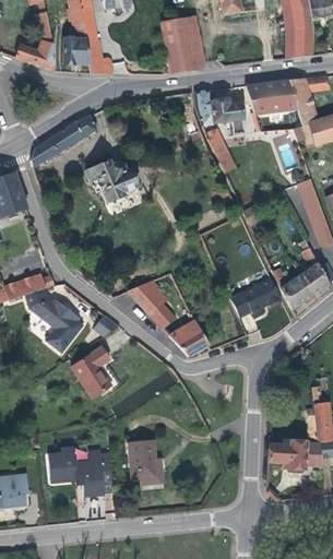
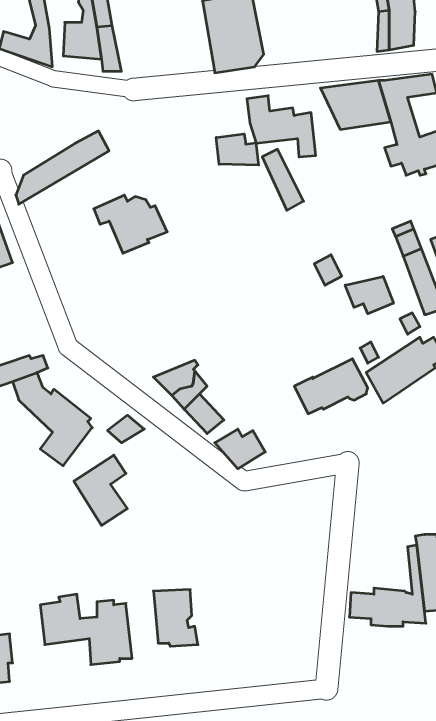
building: none -> [216,134,259,165]
building: none -> [345,276,393,314]

